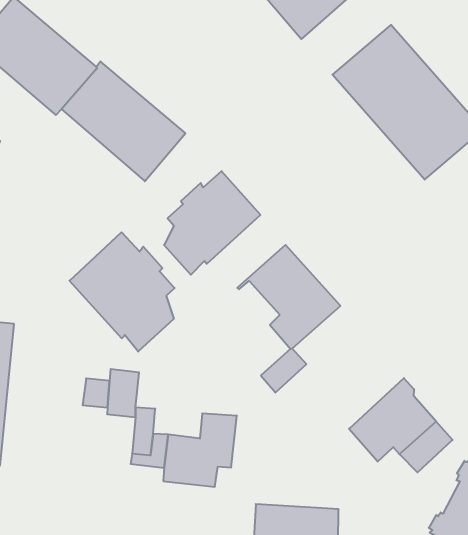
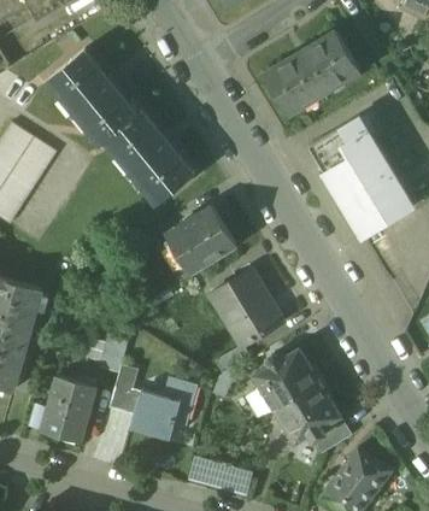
building: [69,232,175,352] -> none
building: none -> [253,347,322,410]
building: none -> [40,376,94,437]

